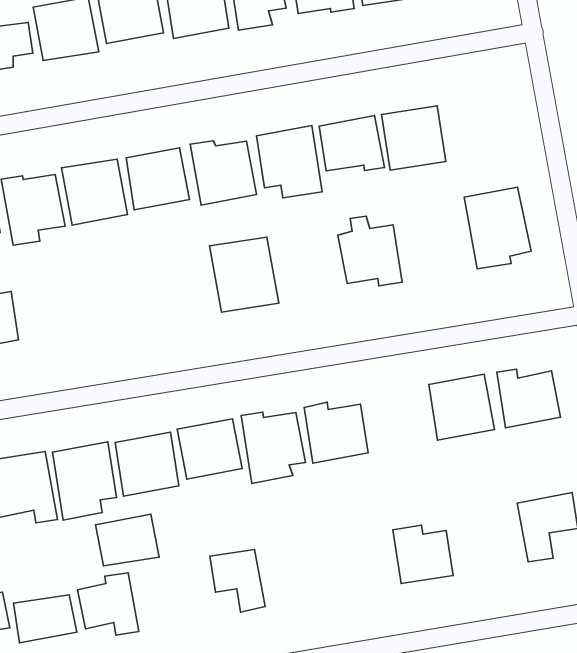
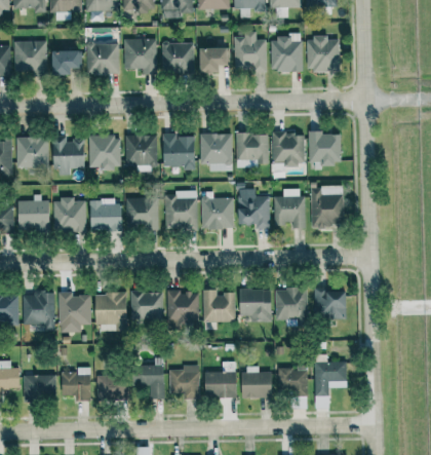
building: none -> [308,132,341,165]
building: none -> [273,189,306,228]
building: none -> [201,193,233,229]
building: none -> [125,197,158,230]
building: none -> [89,199,120,230]
building: none -> [53,199,85,232]
building: none -> [239,289,271,323]
building: none -> [278,366,308,395]
building: [95,514,159,566] -> [96,375,129,400]
building: none -> [204,362,236,397]
building: none -> [169,366,199,399]

